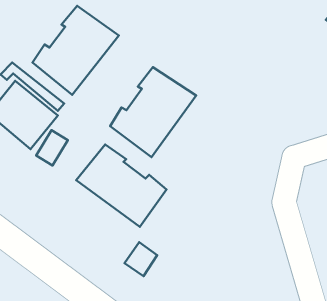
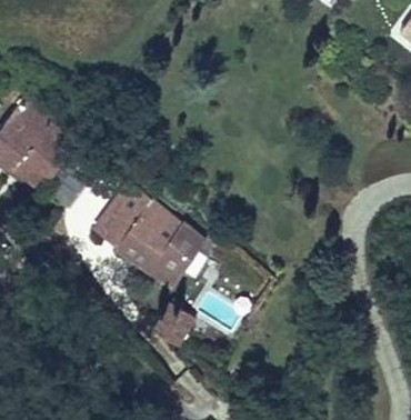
building: [33,6,119,95] -> none
building: [110,67,196,157] -> none

